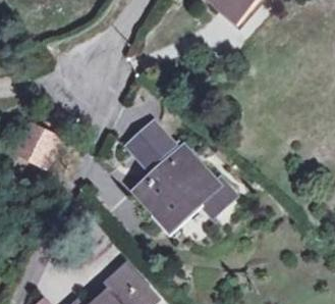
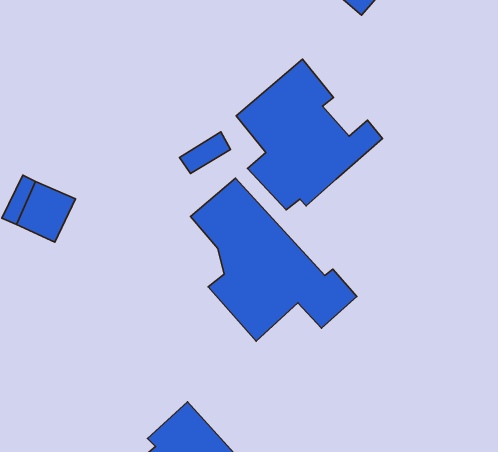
building: none -> [236,59,383,210]

